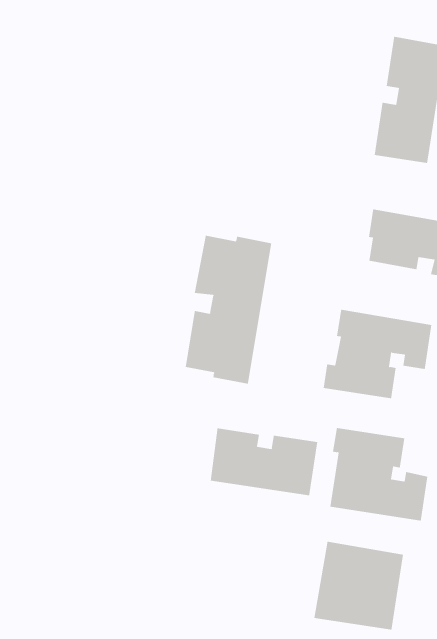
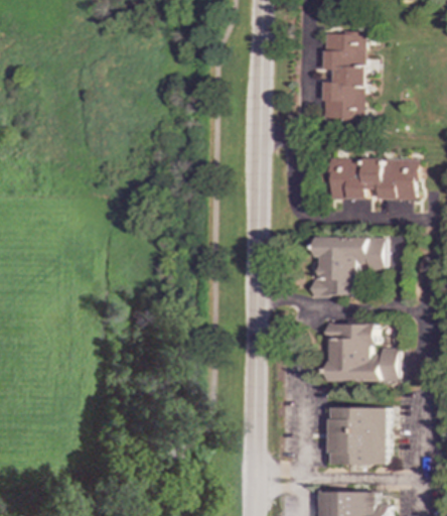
building: [185,235,272,384] -> none
building: [210,428,318,496] -> none

